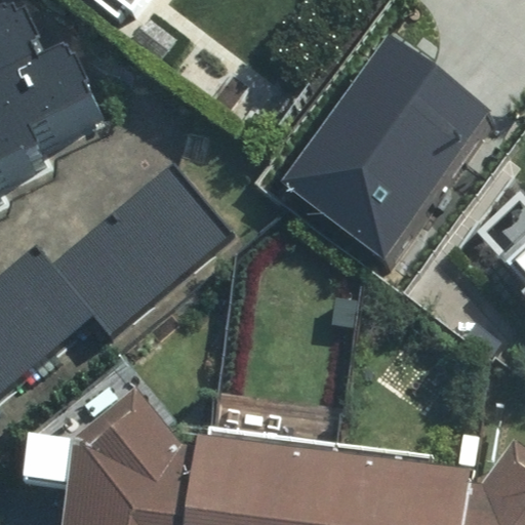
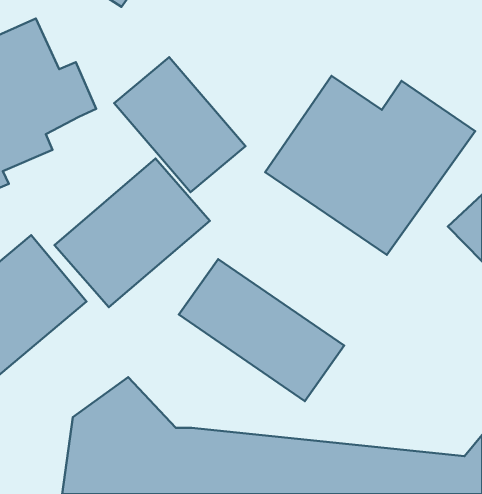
building: none -> [114,57,245,192]
building: none -> [179,259,344,401]

